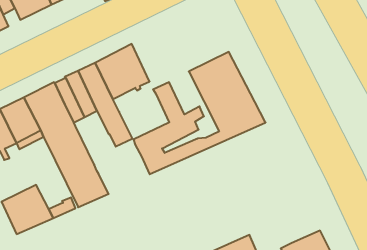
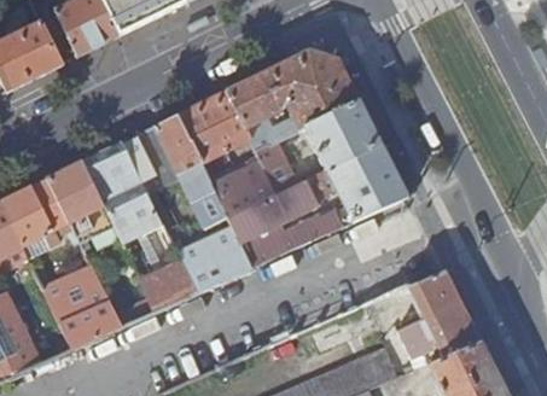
building: none -> [226,48,357,150]
building: none -> [209,156,277,217]
building: none -> [175,225,251,291]
building: none -> [372,270,481,359]

